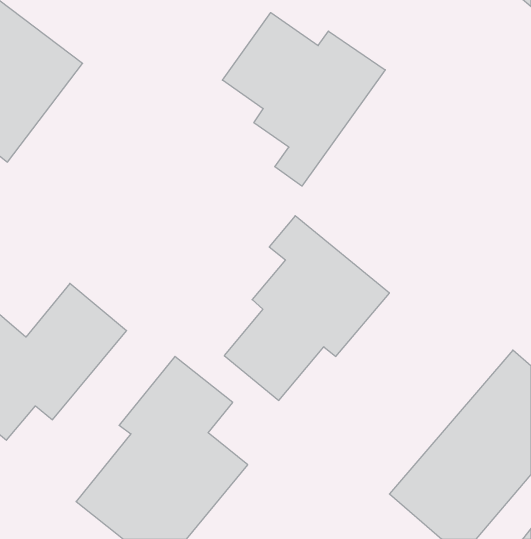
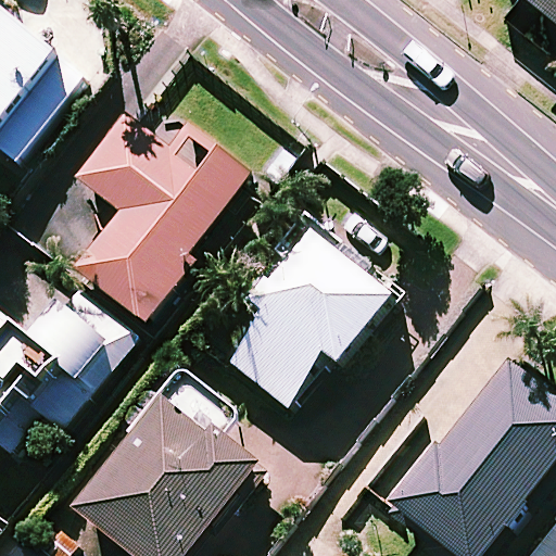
building: [222,13,385,186] -> none
building: none -> [71,114,249,320]

